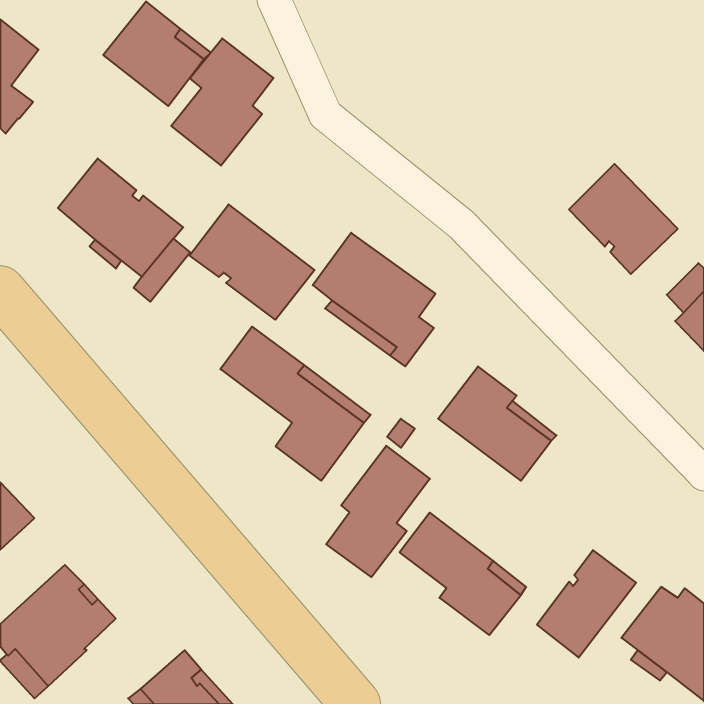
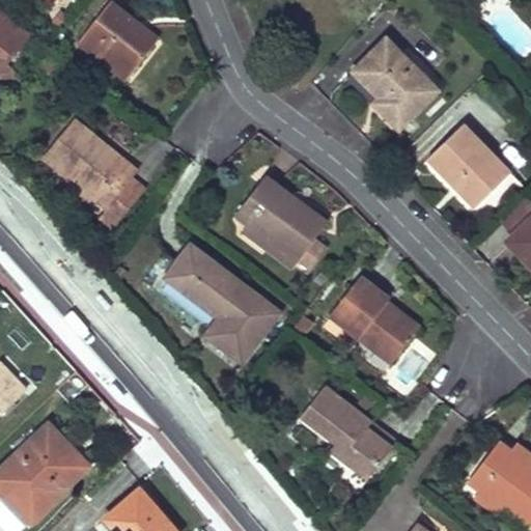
building: [171,38,273,166] -> none
building: none -> [354,39,437,129]
building: [190,204,315,320] -> none
building: [326,446,430,577] -> none
building: [537,550,636,658] -> none

